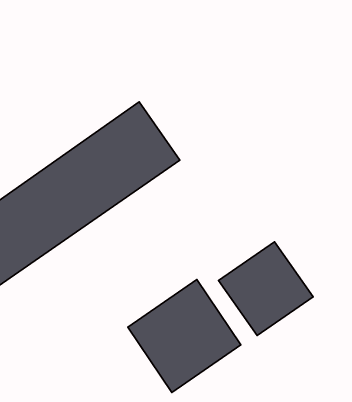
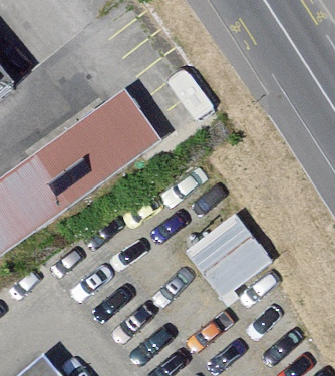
building: [128,280,241,392] -> none

